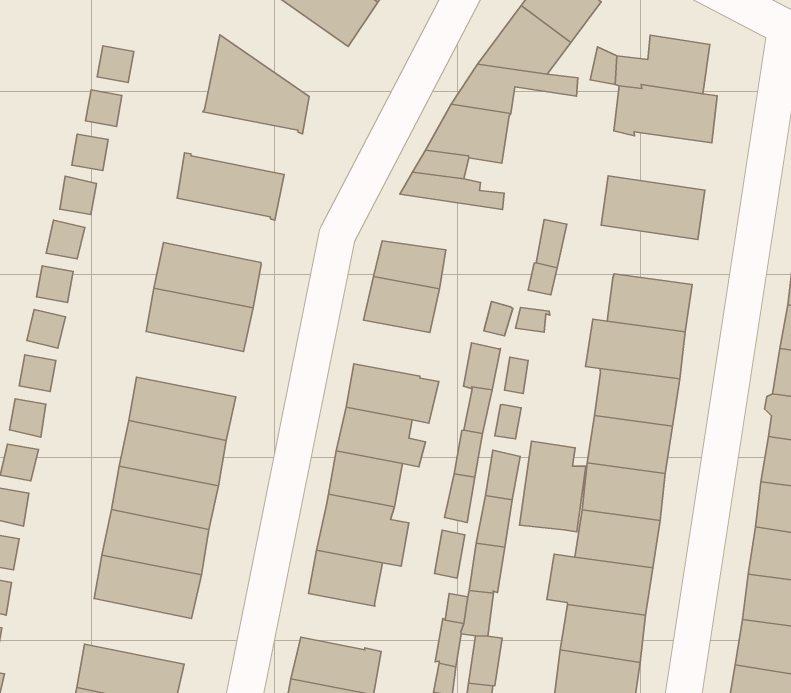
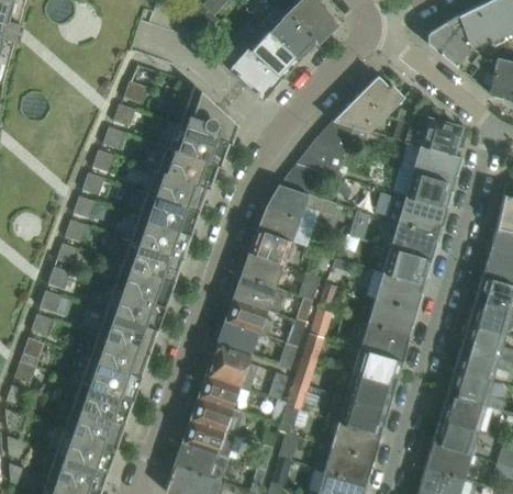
building: none -> [168,124,228,167]
building: none -> [394,168,454,207]
building: none -> [266,186,336,220]
building: none -> [146,169,207,212]
building: none -> [383,218,438,258]
building: none -> [241,251,285,287]
building: none -> [121,240,181,283]
building: [520,441,586,532] -> none
building: none -> [190,396,242,434]
building: none -> [71,382,132,425]

